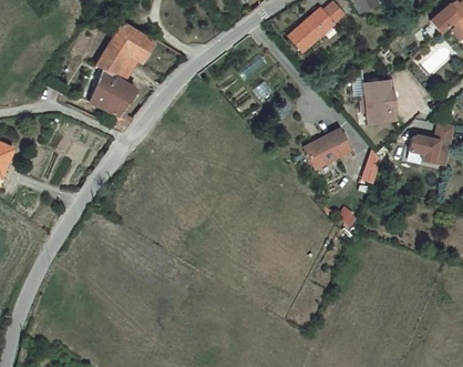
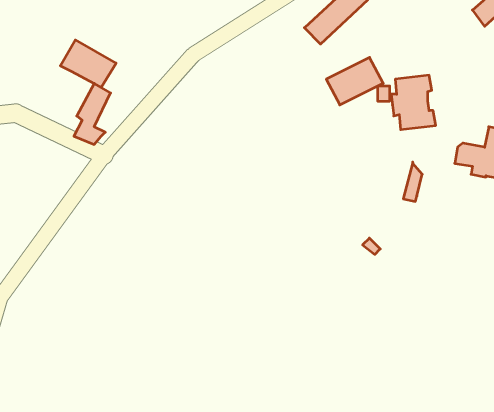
building: [105,24,151,65] -> none
building: [89,72,121,109] -> none
building: [308,128,354,166] -> [326,57,383,105]

